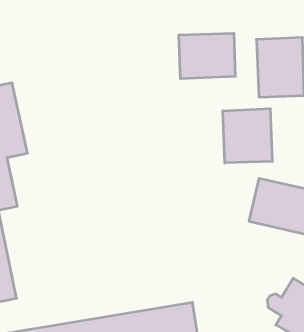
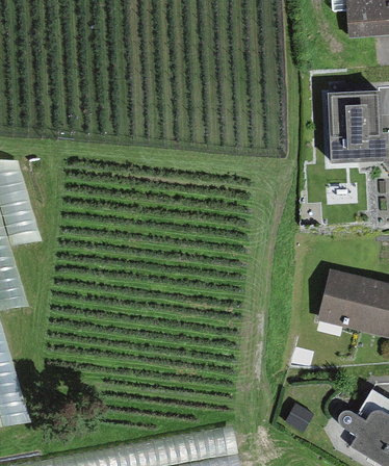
building: [179,33,235,79] -> none
building: [223,109,272,163] -> none

